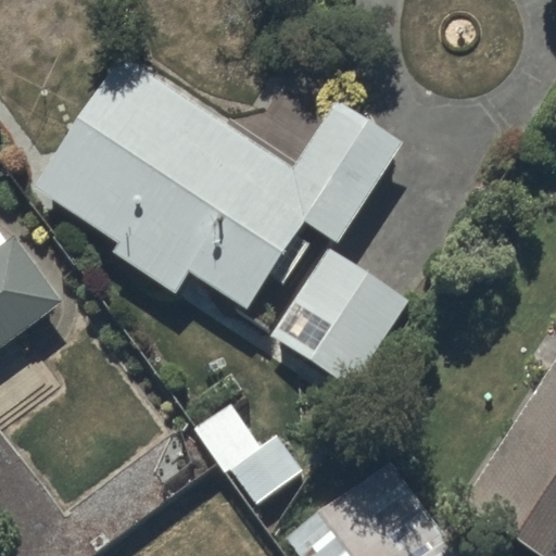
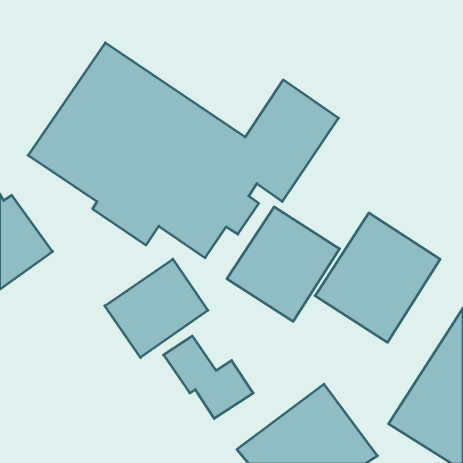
building: none -> [315,213,440,342]
building: none -> [105,259,208,358]

